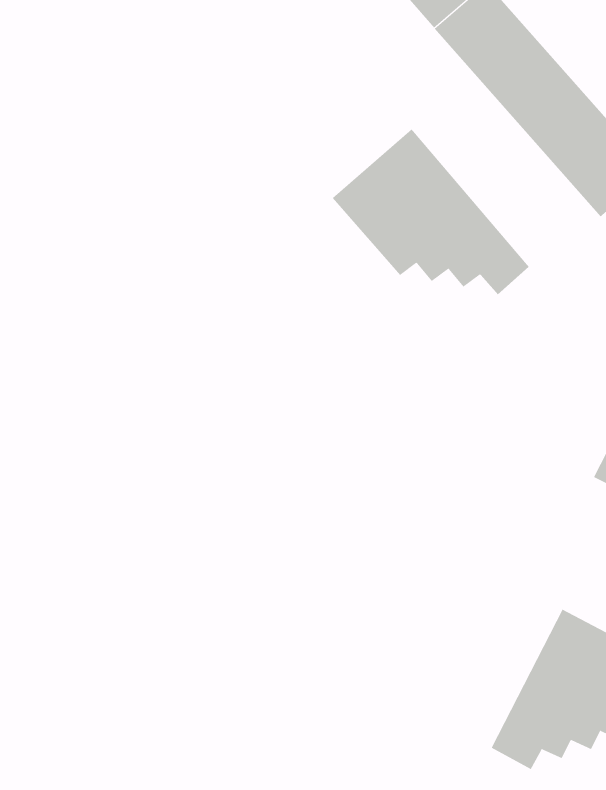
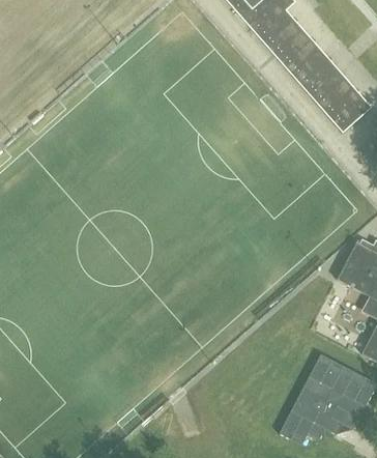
building: [332,129,529,295] -> none

